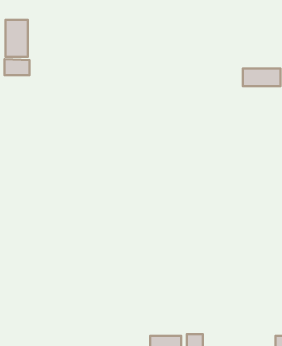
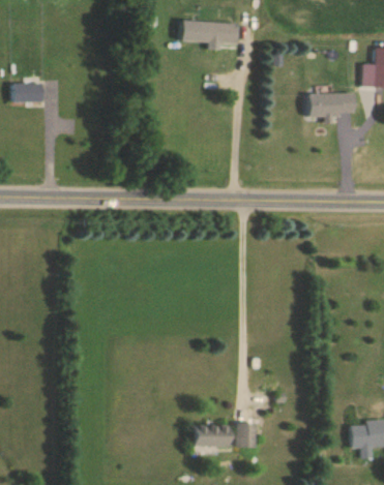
building: none -> [180,21,238,43]
building: [5,20,28,57] -> none

